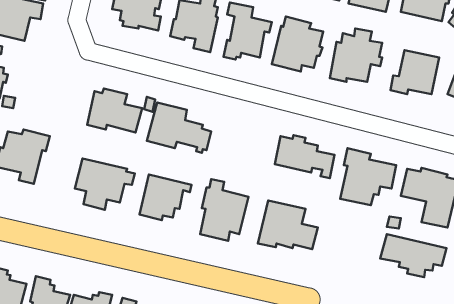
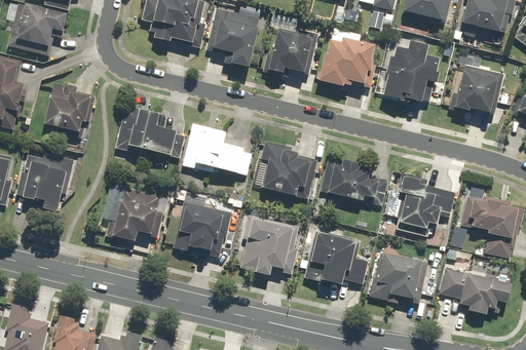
building: none -> [44,83,92,138]
building: none -> [252,141,316,193]
building: none -> [369,252,420,300]

